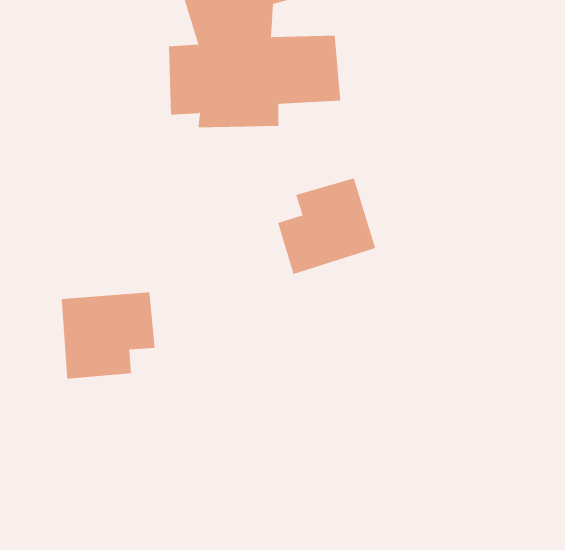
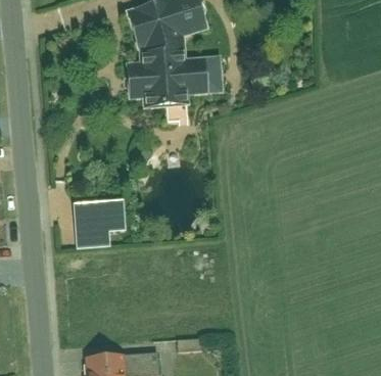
building: [277,177,376,275] -> none

